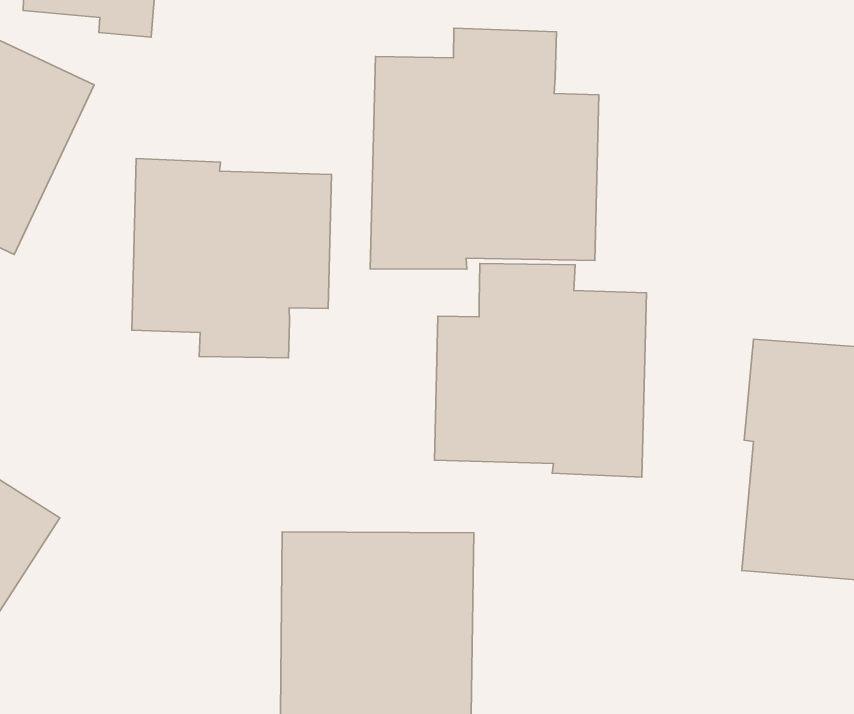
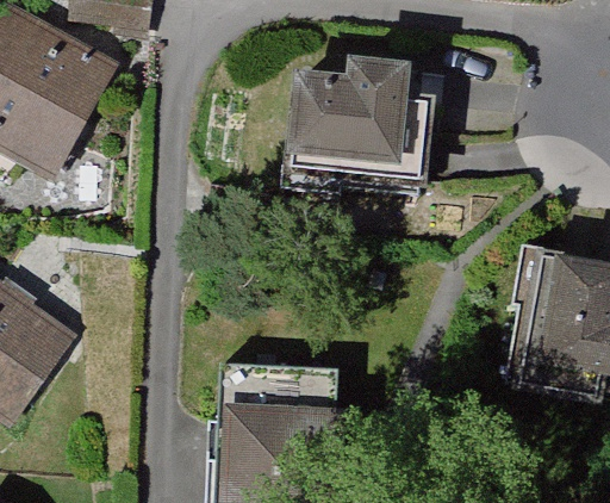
building: [132,158,332,358] -> none
building: [434,263,646,477] -> none

